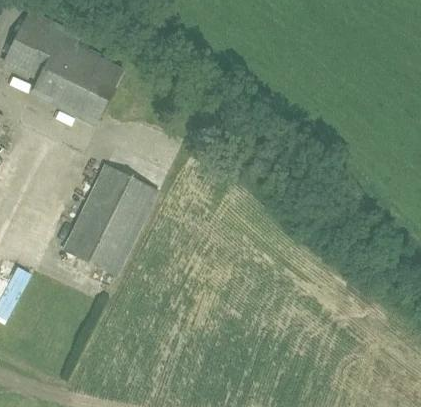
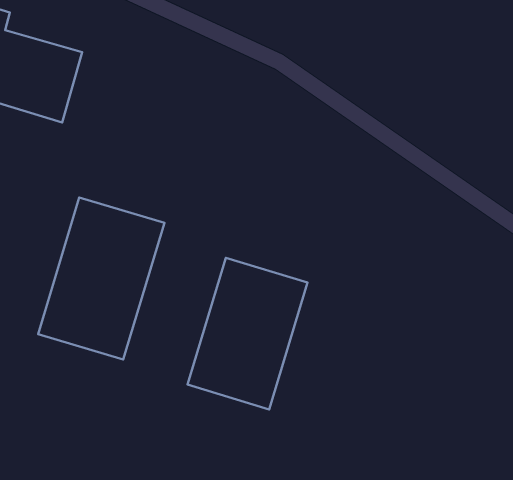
building: none -> [188,258,307,409]

